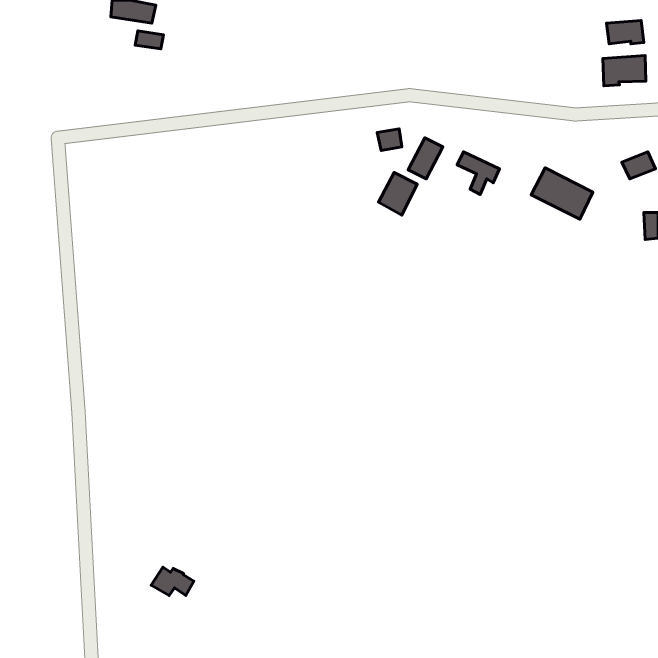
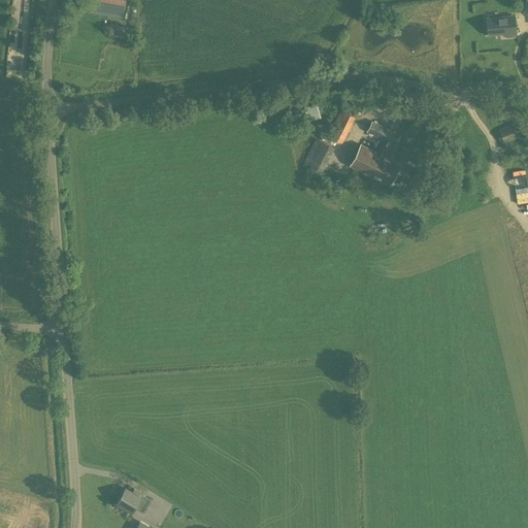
building: [603,55,646,86] -> none
building: [531,168,593,219] -> [350,144,399,186]
building: [151,567,194,595] -> [117,490,151,513]

